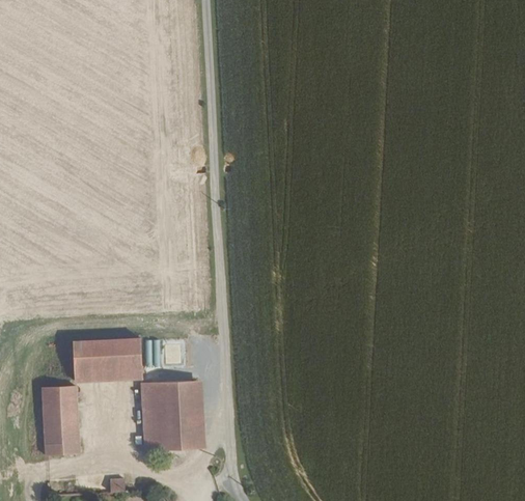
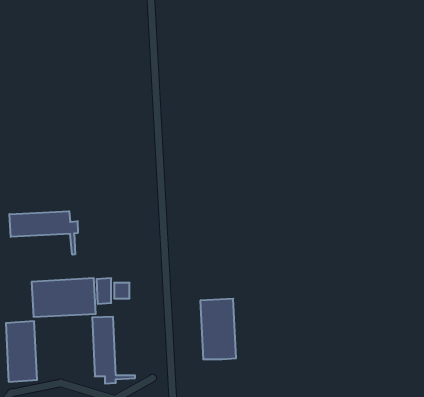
building: none -> [9,211,78,255]
building: [164,380,204,448] -> [200,299,236,359]

